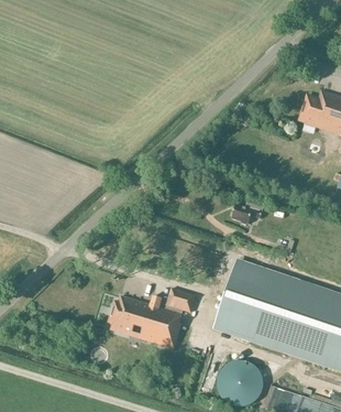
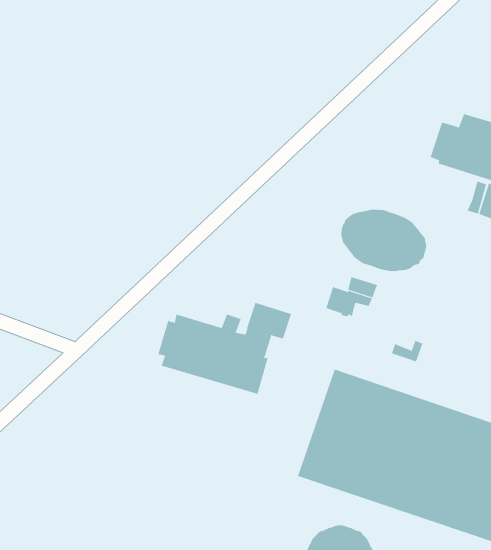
building: none -> [341,209,427,272]
building: [108,288,196,348] -> [157,302,292,395]

